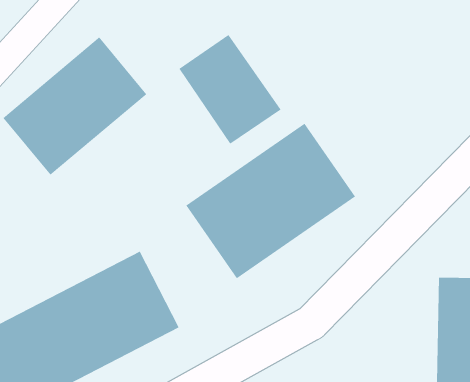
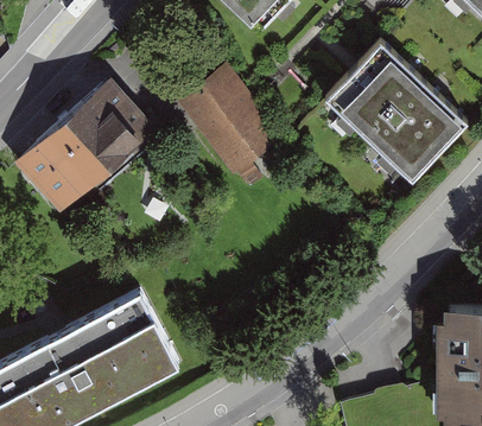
building: none -> [328,46,464,183]
building: [185,123,356,279] -> none

